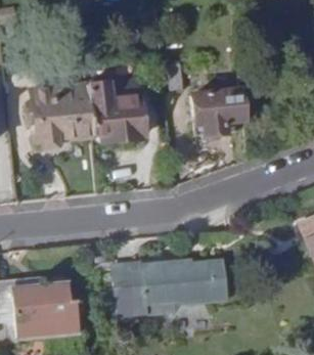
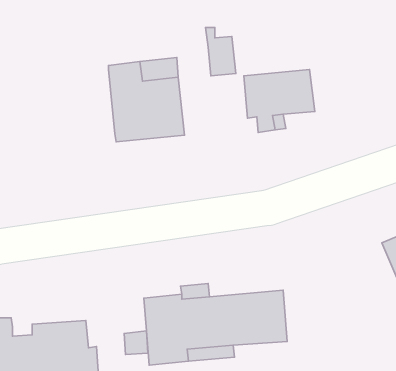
building: [33,88,93,143] -> none

